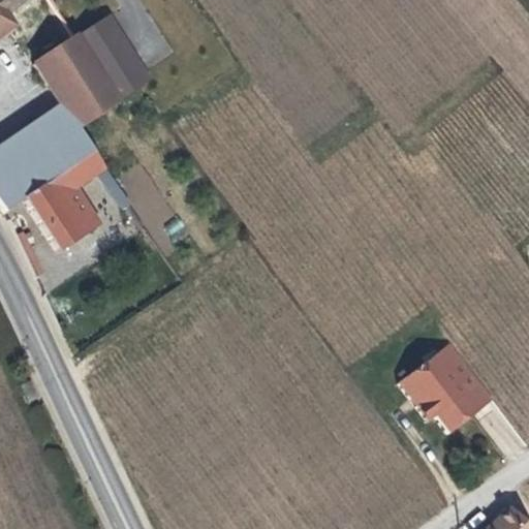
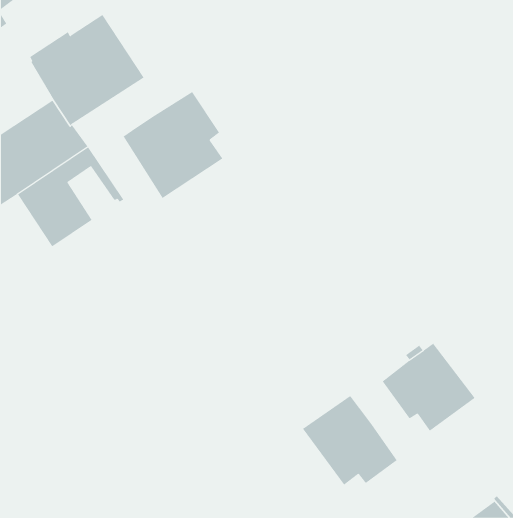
building: none -> [123,91,223,199]
building: none -> [302,395,398,486]

